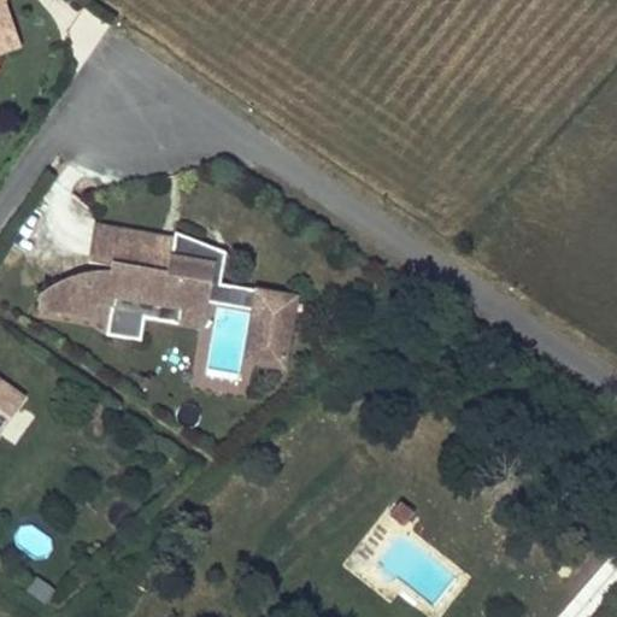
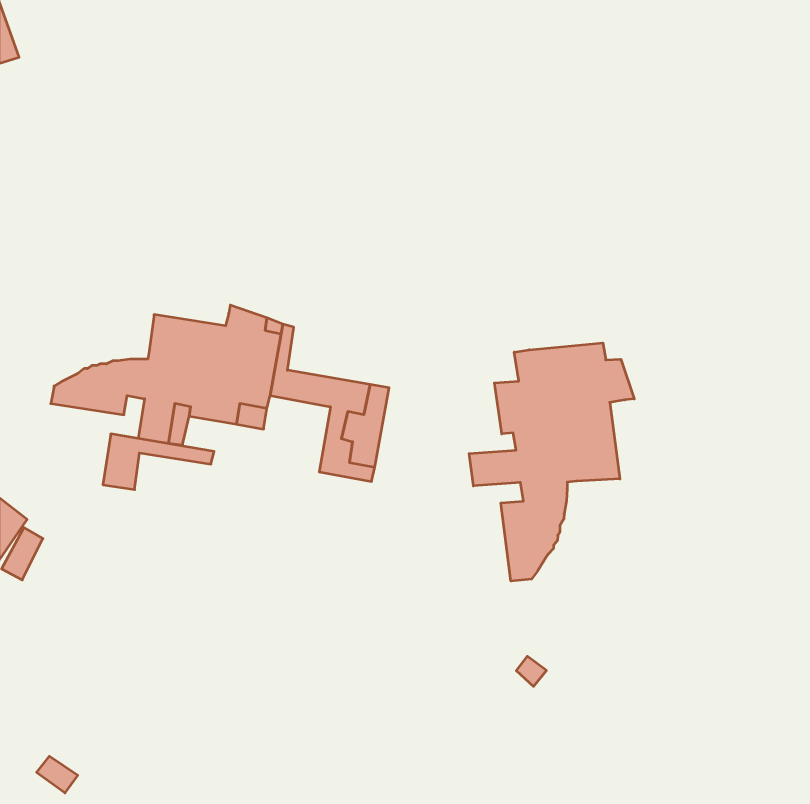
building: [89,224,174,266] -> [103,434,214,490]
building: none -> [469,343,634,581]

